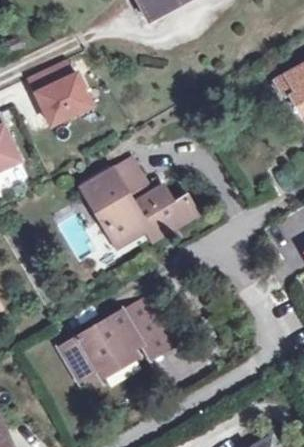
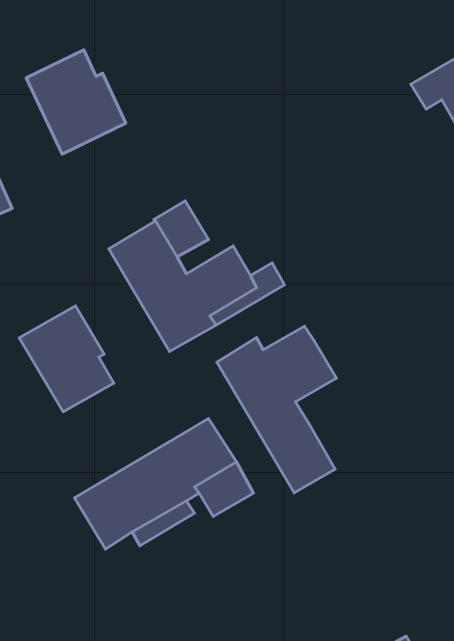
building: none -> [19,306,114,412]
building: none -> [217,326,336,493]

